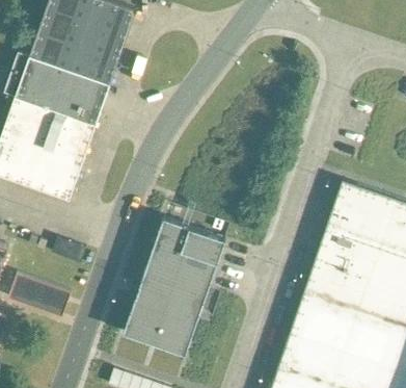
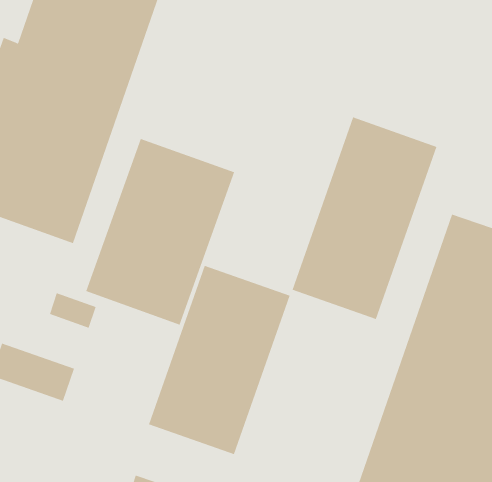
building: none -> [292,117,437,320]
building: none -> [85,138,235,325]

